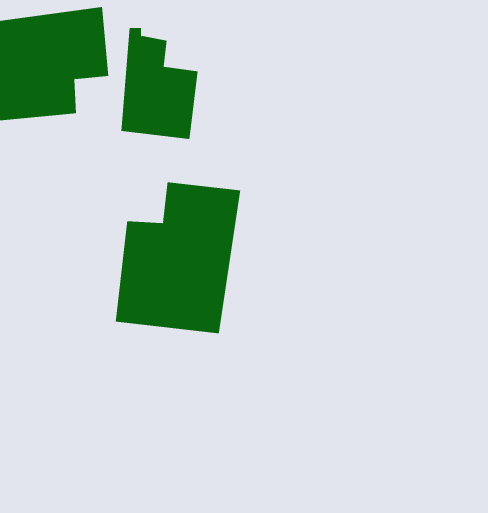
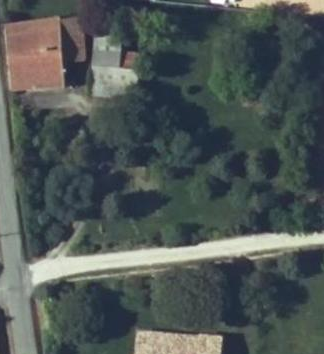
building: [115,182,241,334] -> none

